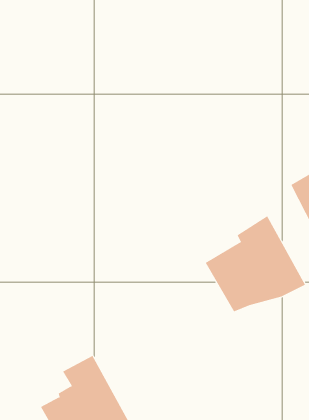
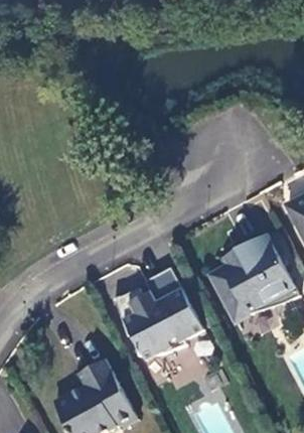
building: none -> [115,269,204,356]

